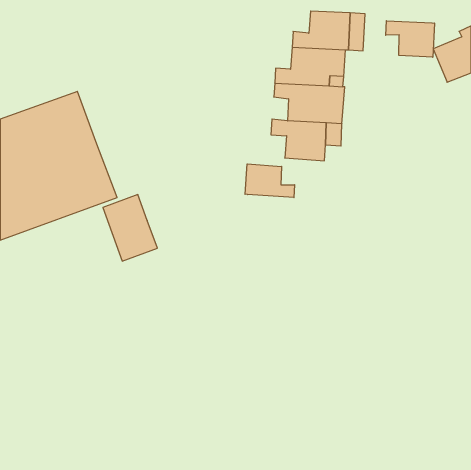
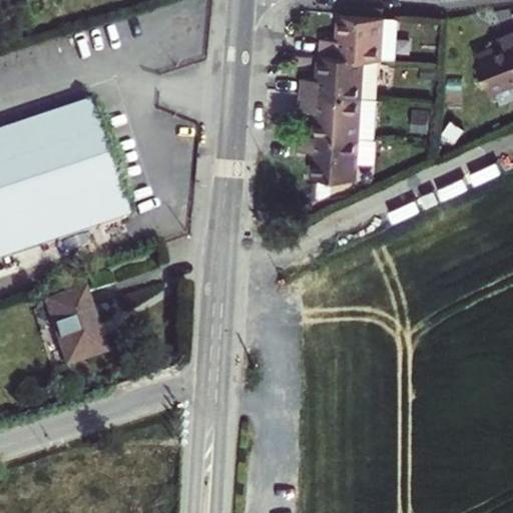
building: [386,21,434,57] -> none
building: [245,164,295,198] -> none
building: [103,195,157,261] -> [46,291,105,363]

